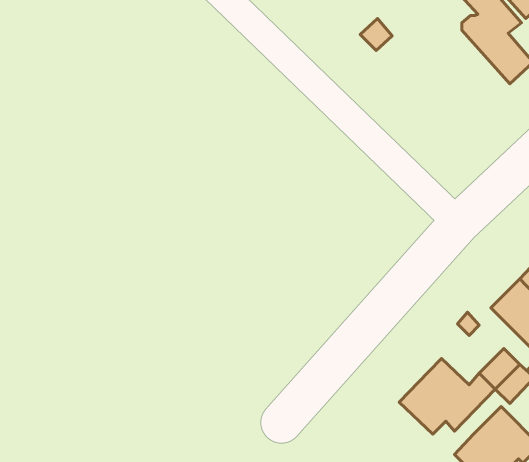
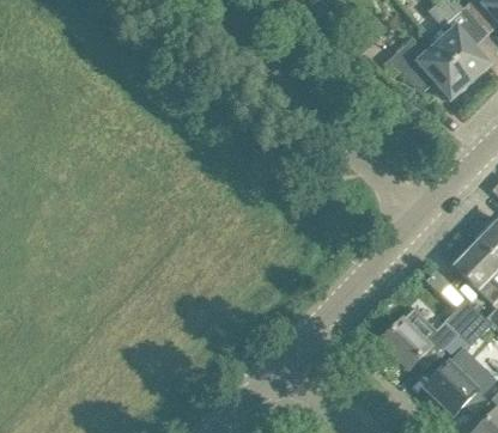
building: none -> [385,37,469,99]

